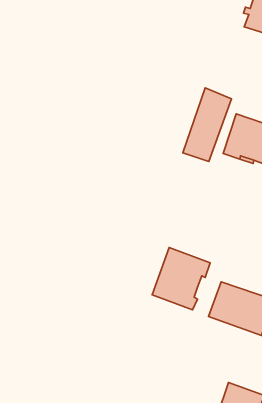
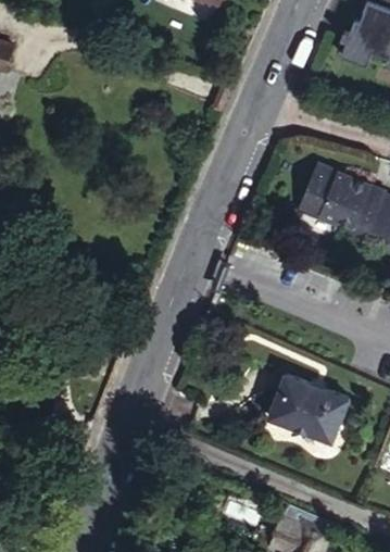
building: [183,88,232,162] -> none
building: [152,247,210,310] -> none

